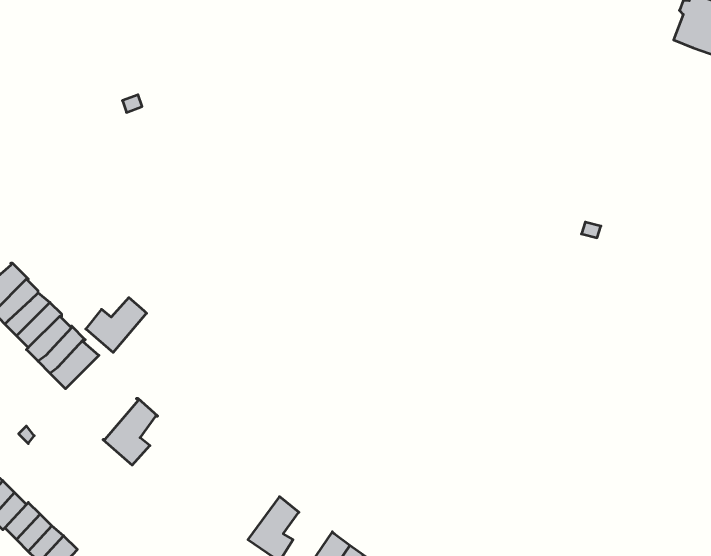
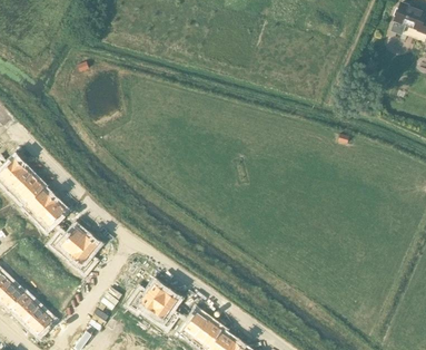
building: [86,298,147,352] -> [52,226,87,257]
building: none -> [130,282,167,314]

